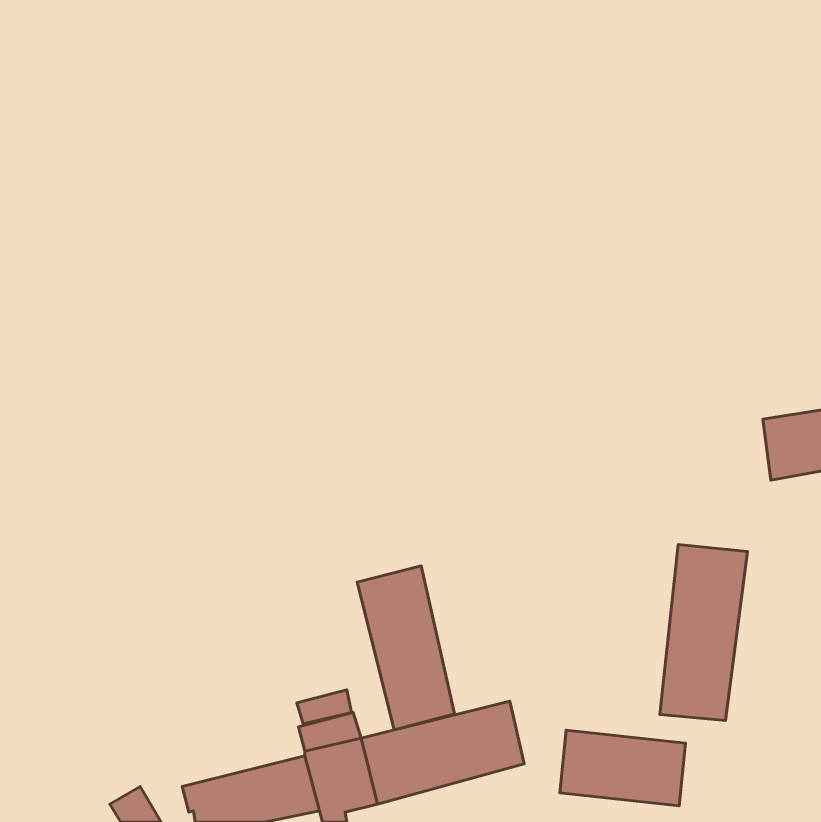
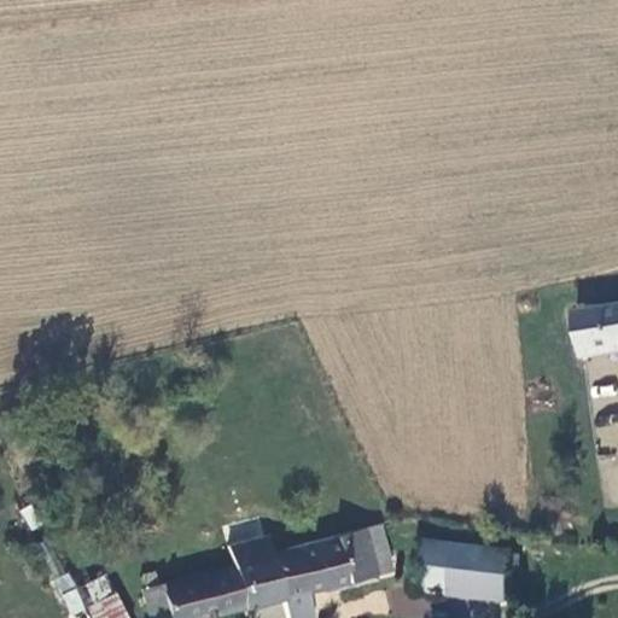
building: [660,545,747,720] -> none
building: [357,566,455,730] -> none

